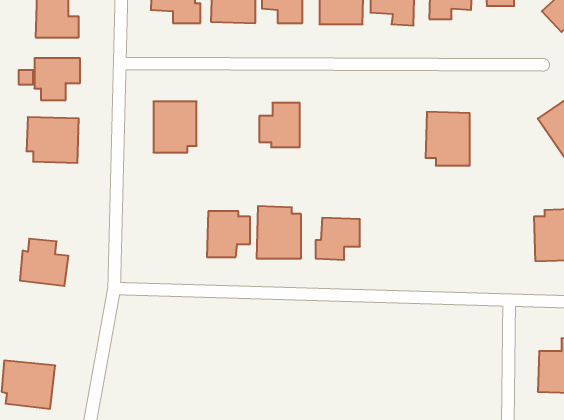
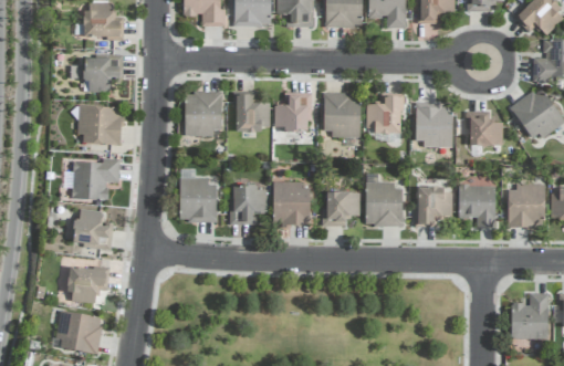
building: none -> [236,92,271,132]
building: none -> [324,92,361,136]
building: none -> [367,94,401,132]
building: none -> [467,109,503,145]
building: none -> [73,158,121,199]
building: none -> [180,168,218,221]
building: none -> [366,181,404,226]
building: none -> [459,184,497,228]
building: none -> [418,187,453,226]
building: none -> [69,265,108,303]

